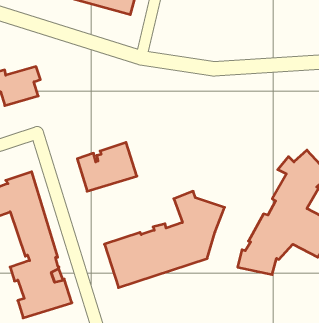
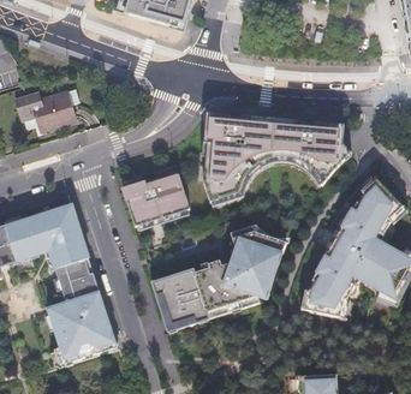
building: none -> [201,113,350,203]

